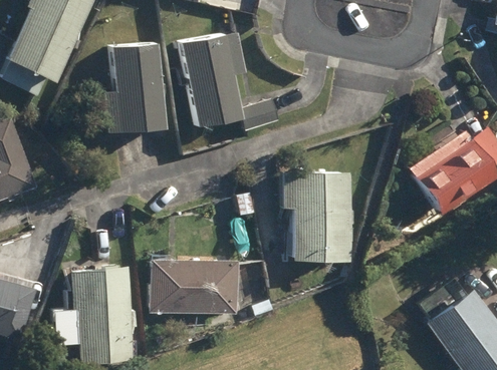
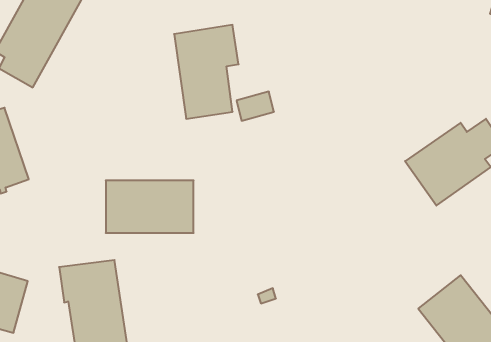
building: [103,44,162,132] -> none
building: [283,170,348,263] -> none
building: [151,262,238,314] -> [106,180,194,233]

